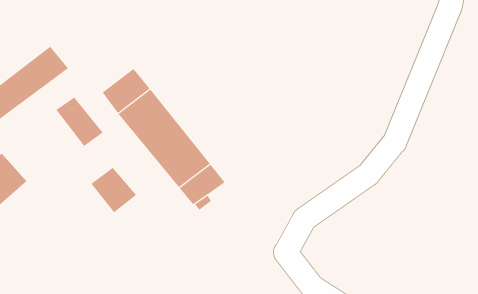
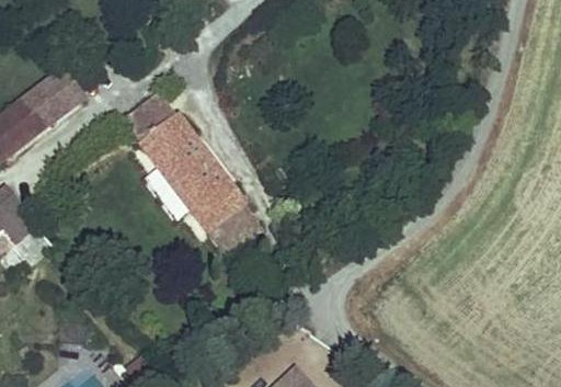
building: [56,96,103,147] -> none
building: [91,167,137,213] -> none

